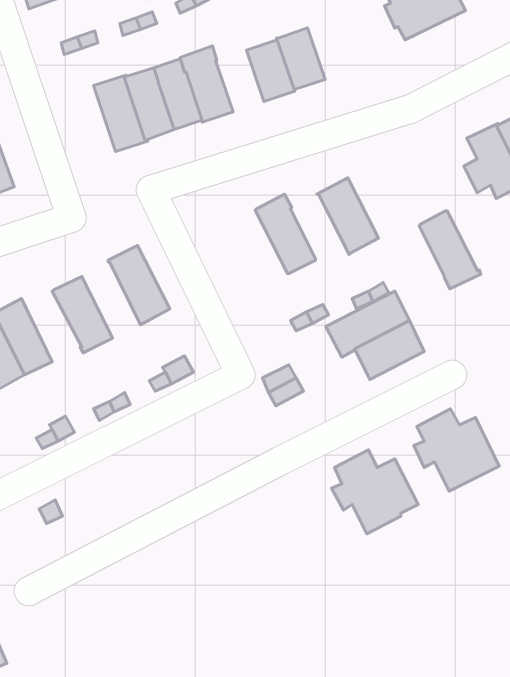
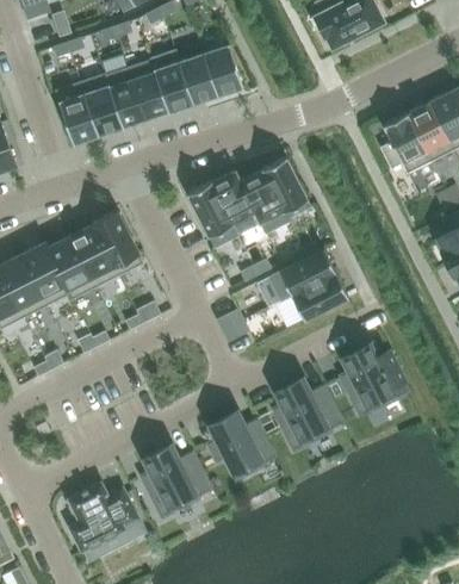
building: [277,28,325,90] -> [179,55,218,105]
building: none -> [55,83,98,145]
building: none -> [187,182,238,249]
building: [419,211,481,289] -> [240,172,290,235]
building: none -> [70,226,118,288]
building: none -> [21,244,70,307]
building: none -> [209,412,275,480]
building: none -> [142,447,212,514]
building: none -> [67,483,145,553]

